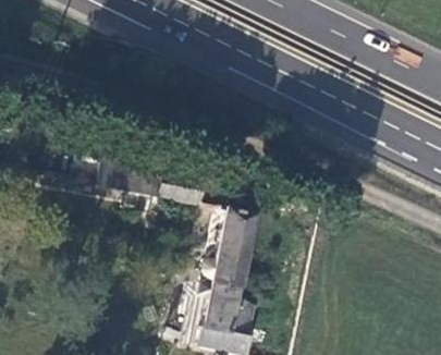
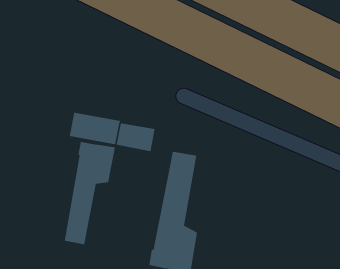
building: none -> [64,141,116,245]

